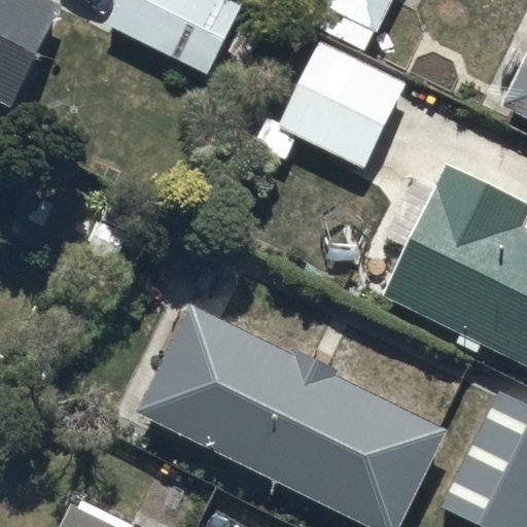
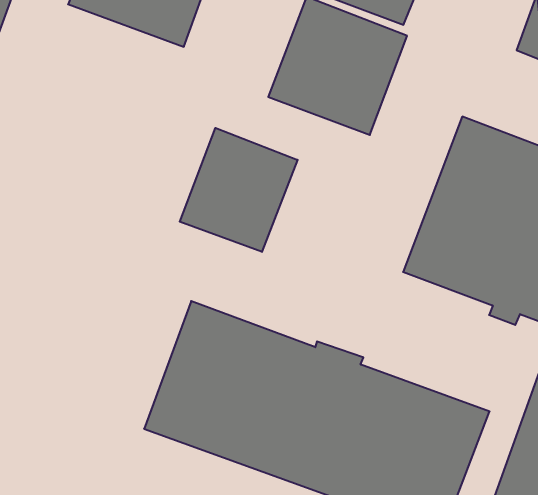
building: none -> [180,128,298,252]

